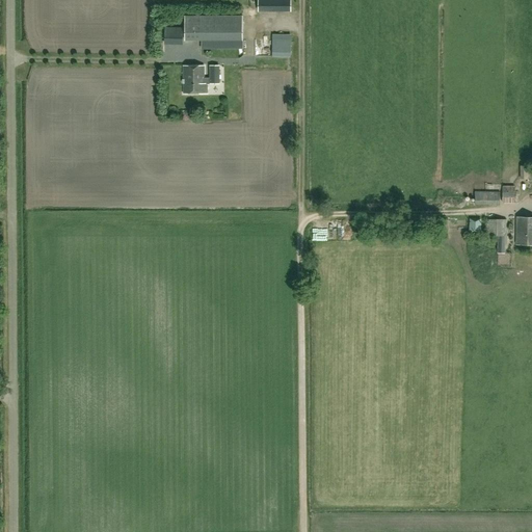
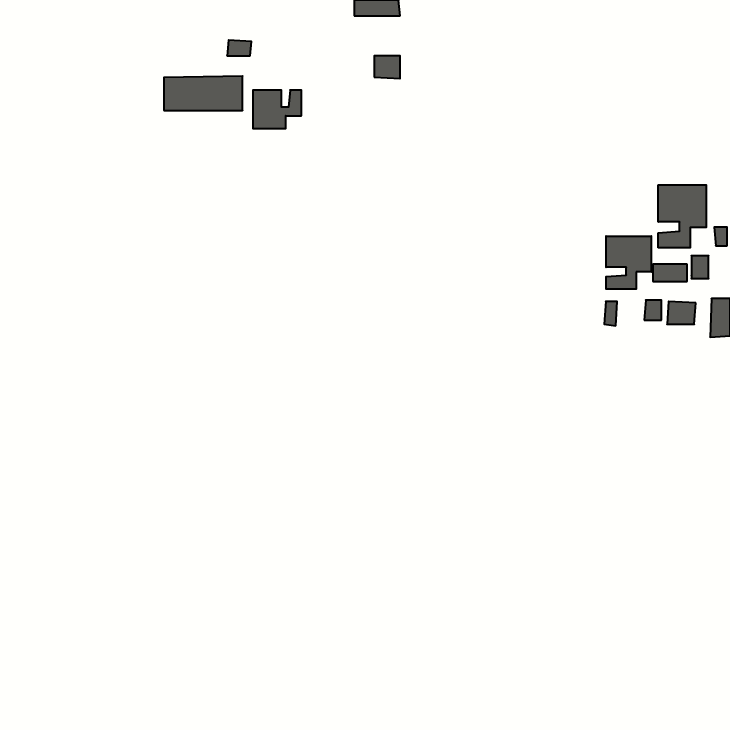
building: [185,16,242,41] -> [164,76,243,110]
building: none -> [658,185,706,248]
building: none -> [606,236,651,289]

